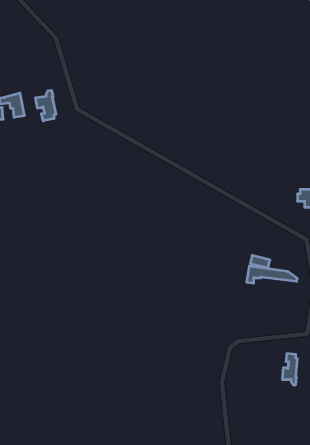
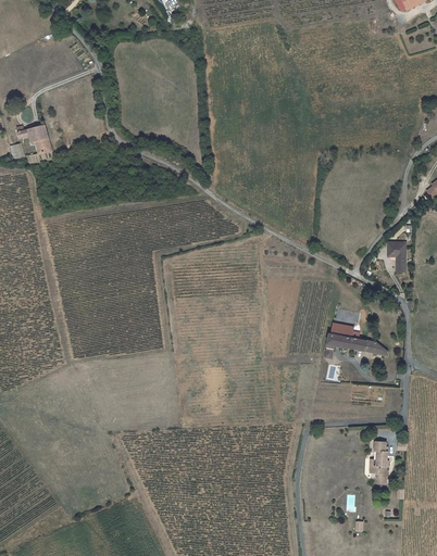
building: [36,90,56,121] -> none

